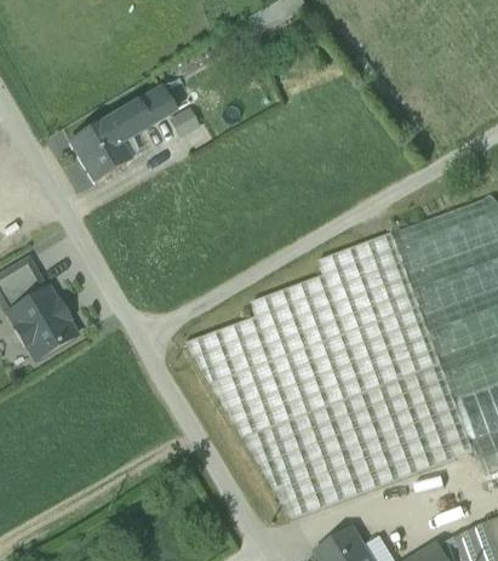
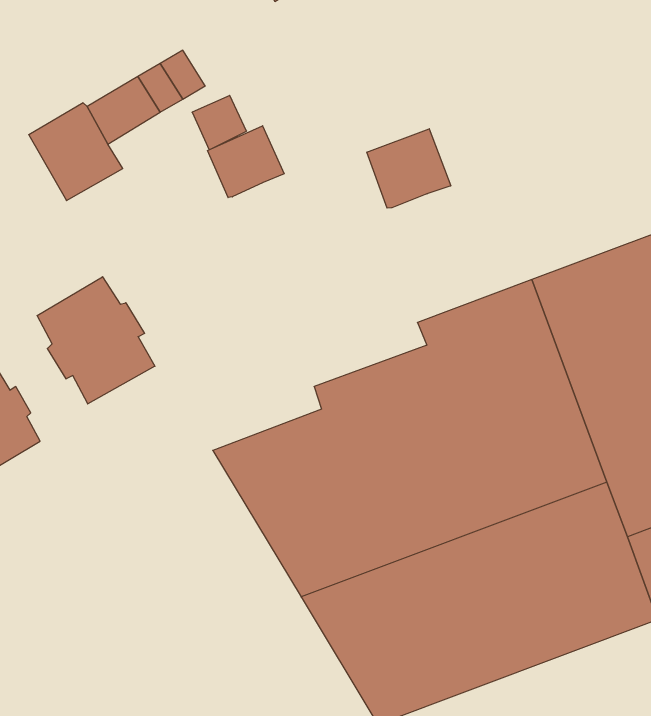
building: none -> [208,126,284,198]
building: none -> [367,129,451,208]
building: none -> [37,277,155,404]

